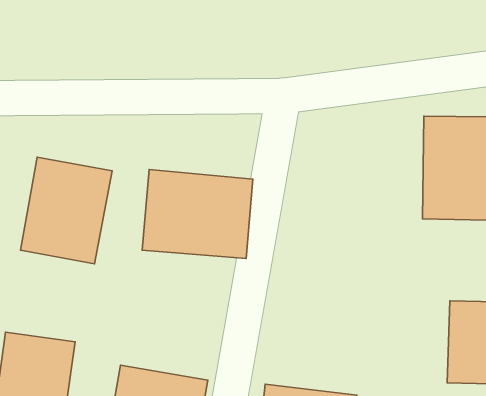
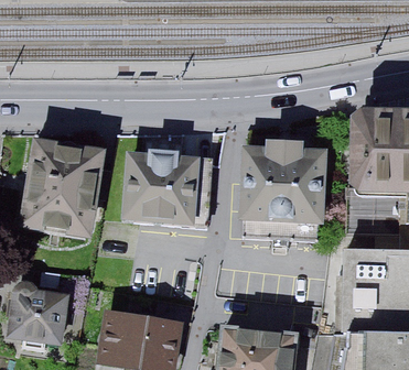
building: none -> [245,149,320,236]

